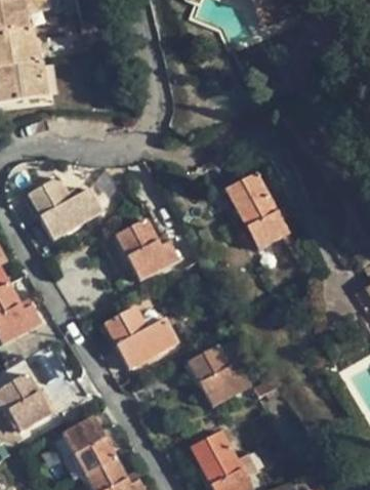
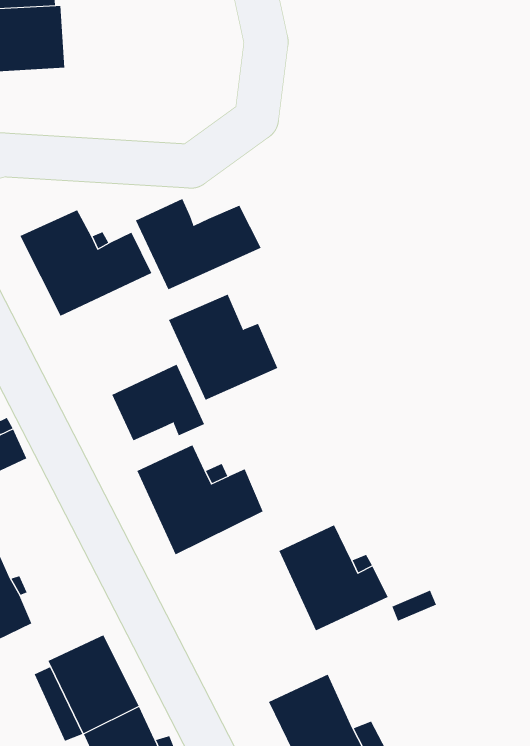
building: none -> [135,198,261,290]
building: [224,171,289,250] -> none
building: none -> [112,364,205,441]

